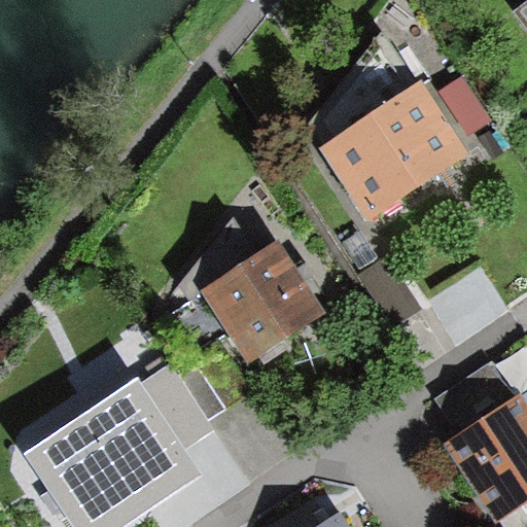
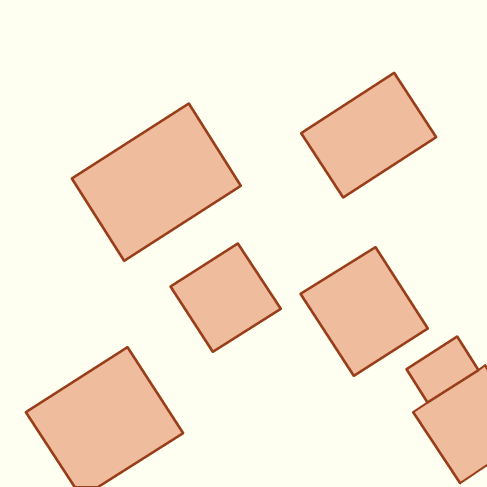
building: none -> [72,103,241,261]
building: none -> [300,247,428,376]

